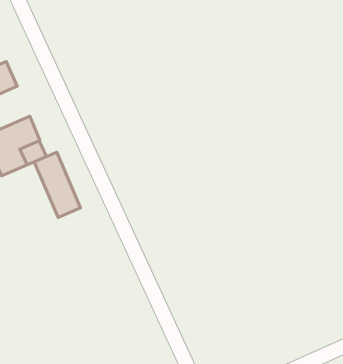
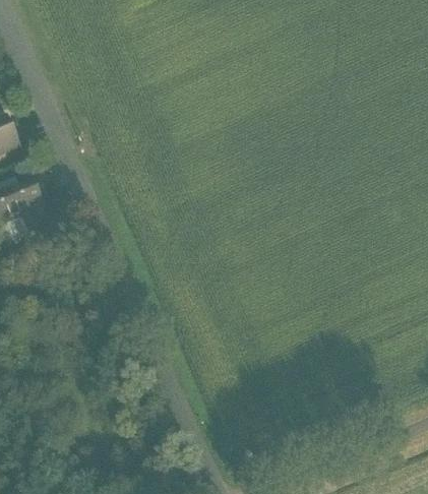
building: [34,152,81,218] -> none

